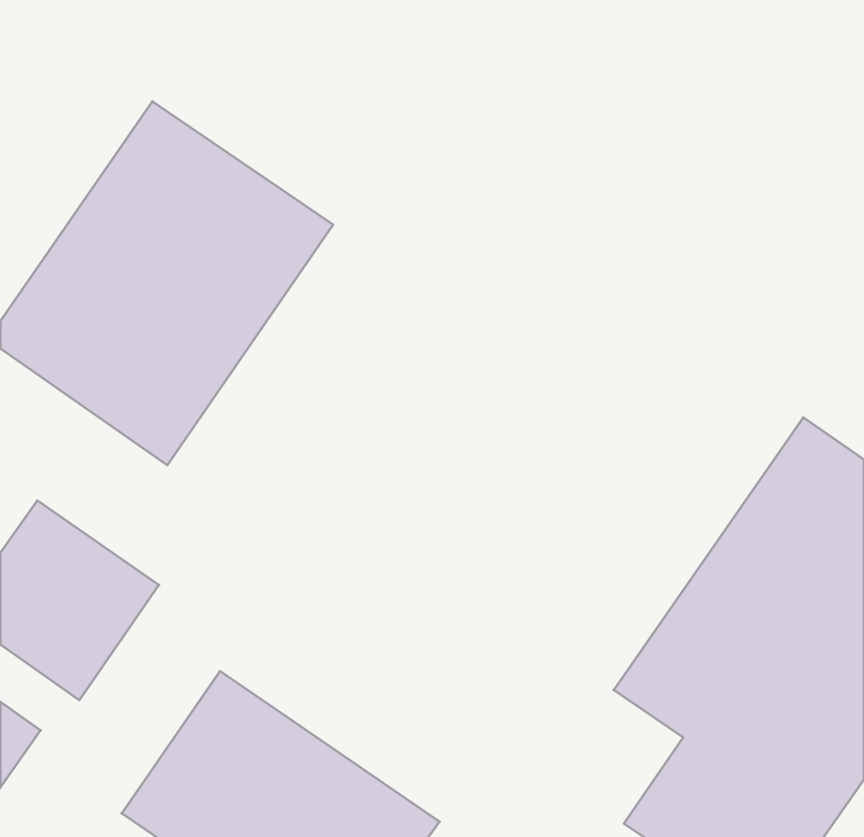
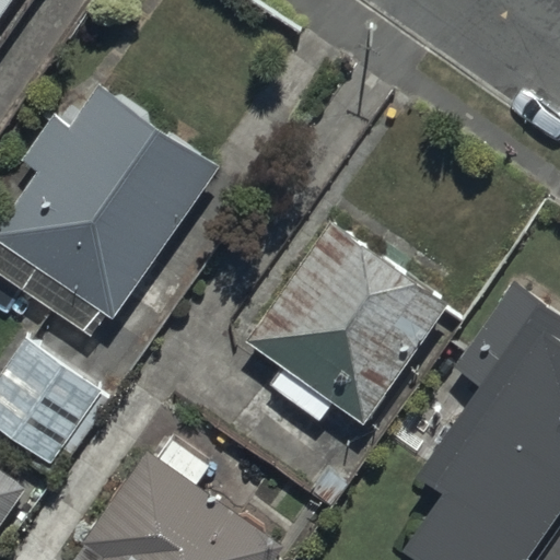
building: none -> [243,219,448,425]

